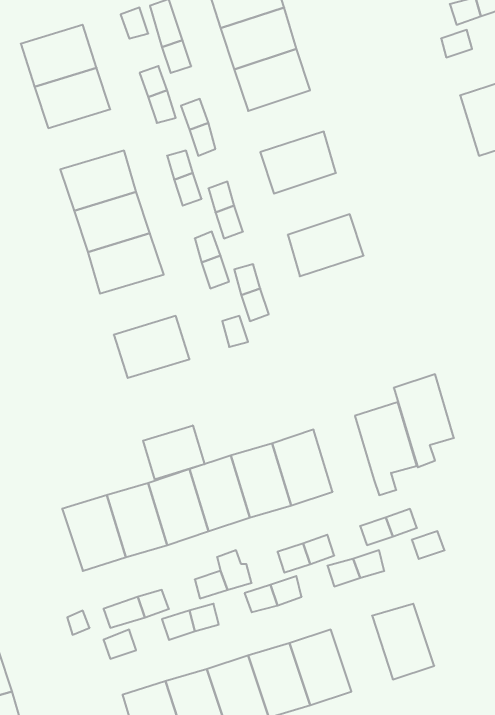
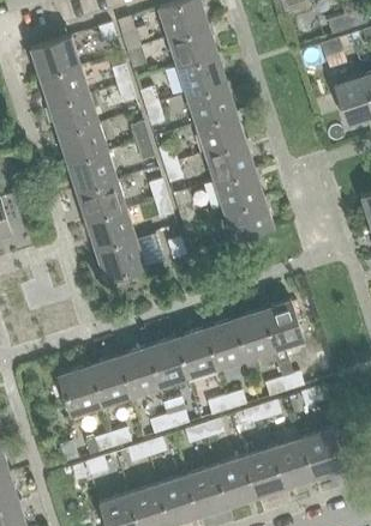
building: none -> [186,81,239,125]
building: none -> [47,95,100,137]
building: none -> [204,139,257,182]
building: none -> [222,197,276,241]
building: none -> [83,210,136,252]
building: [394,374,454,467] -> [232,308,274,373]
building: [143,425,205,479] -> none
building: none -> [301,429,346,482]
building: none -> [244,447,287,500]

